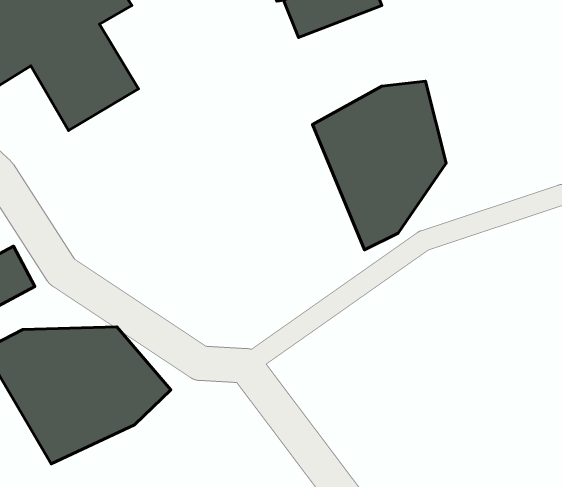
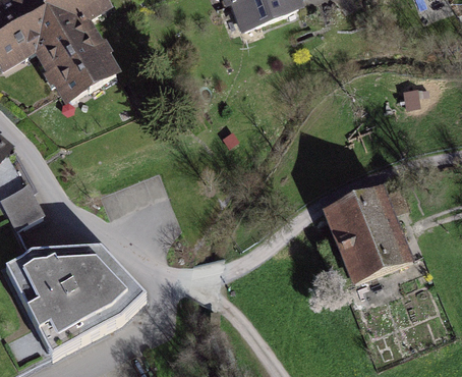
building: [313,81,446,250] -> none
building: none -> [323,178,416,278]

